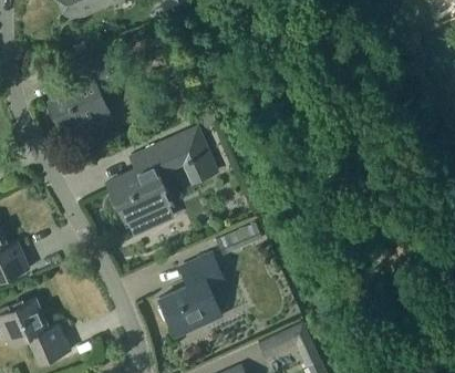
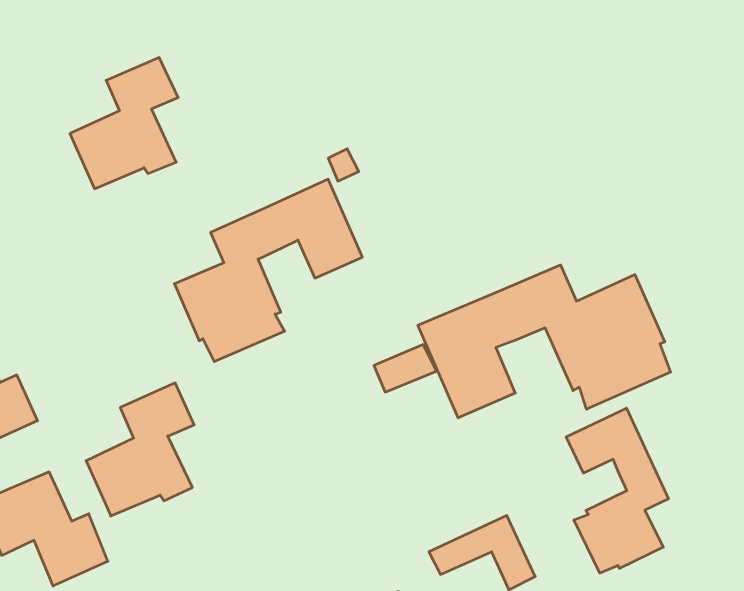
building: none -> [418,265,671,418]
building: [159,255,223,332] -> [86,383,194,516]
building: none -> [566,408,668,573]

